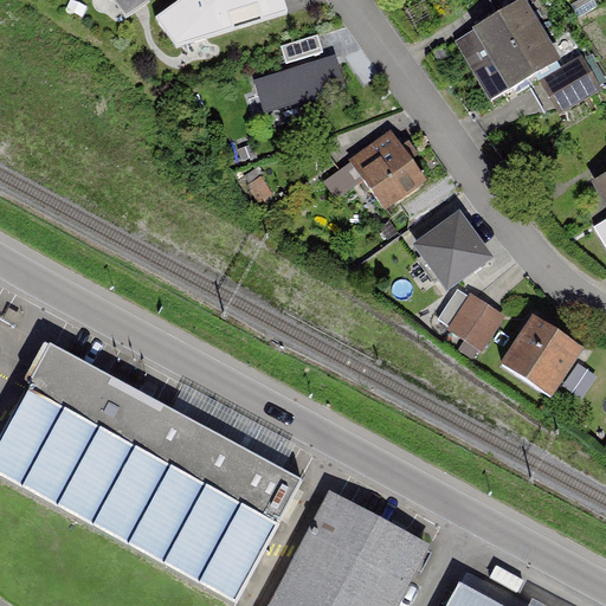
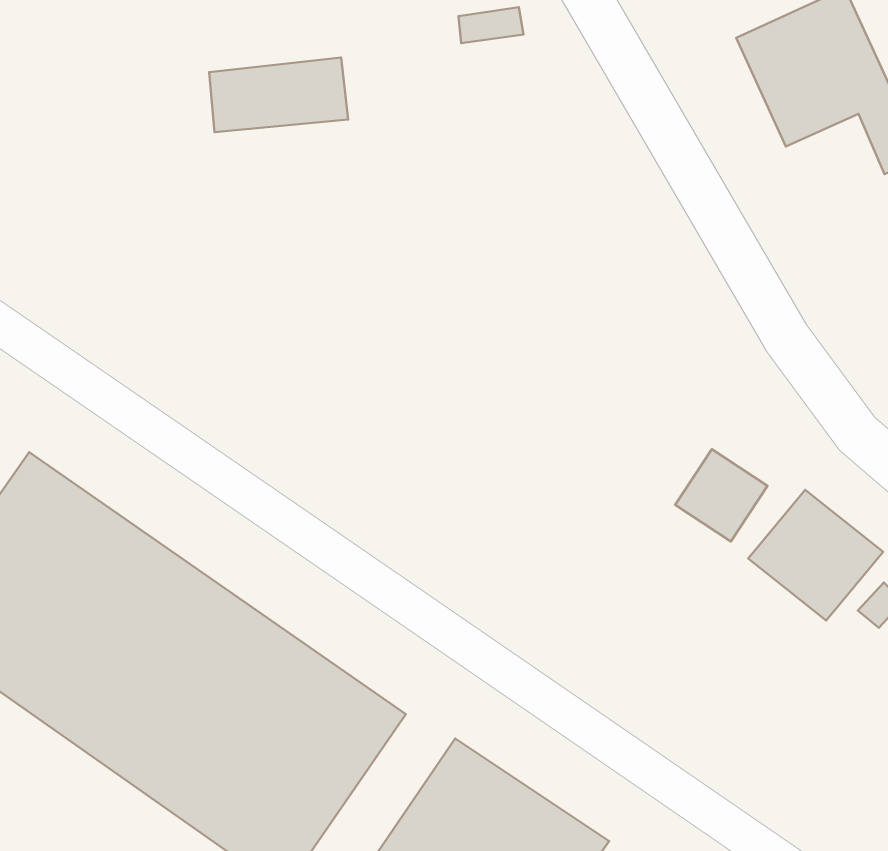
building: [256,59,344,114] -> [209,57,348,132]
building: [350,130,428,212] -> none
building: [414,211,494,290] -> none

